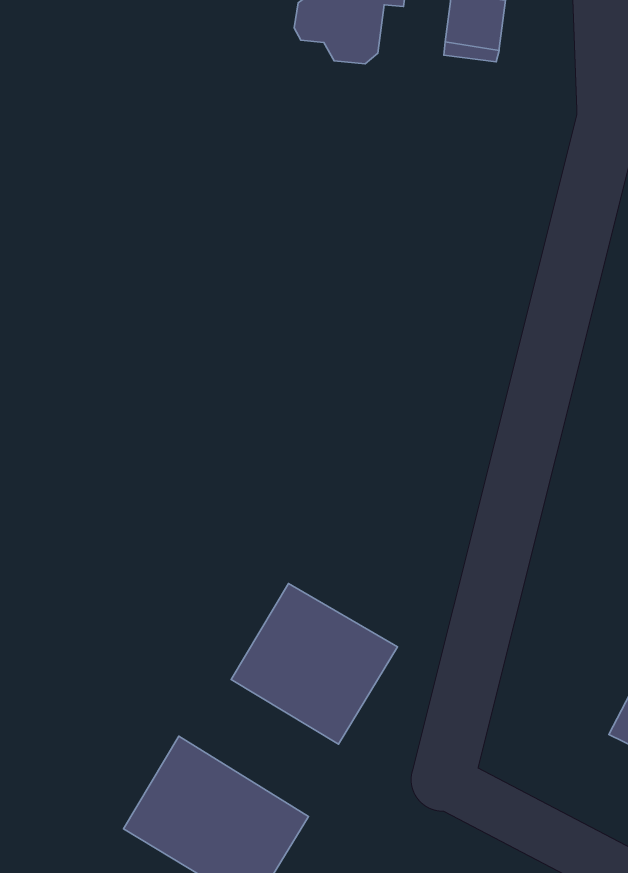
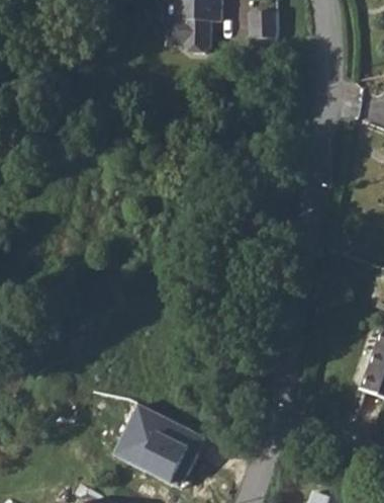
building: [231,584,397,744] -> none

